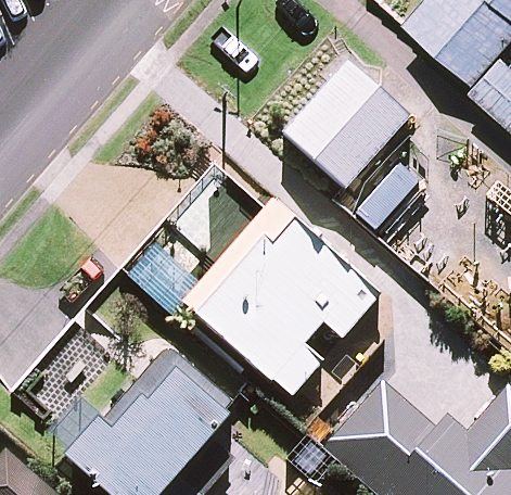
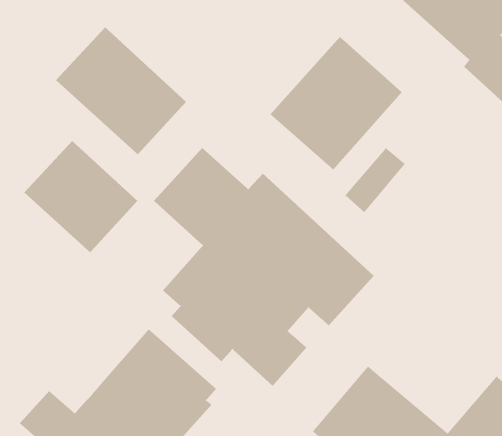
building: none -> [55,27,187,155]
building: none -> [24,140,138,253]

